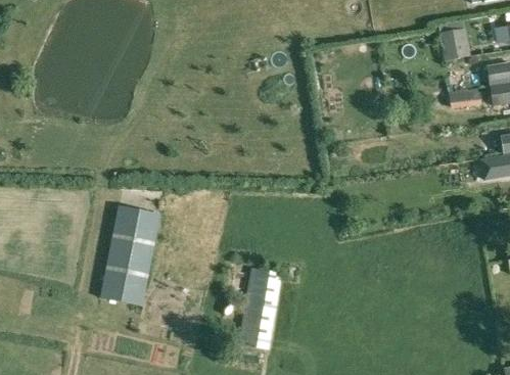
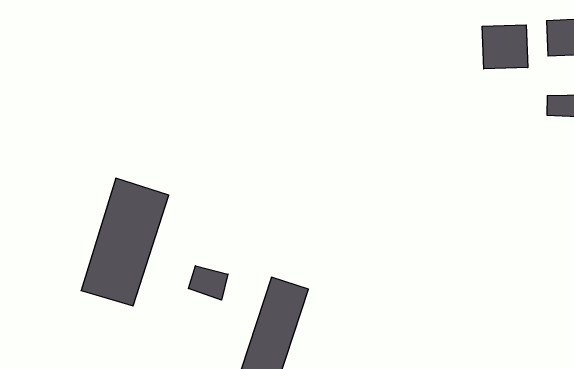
building: none -> [482,25,528,69]
building: none -> [188,266,228,300]

